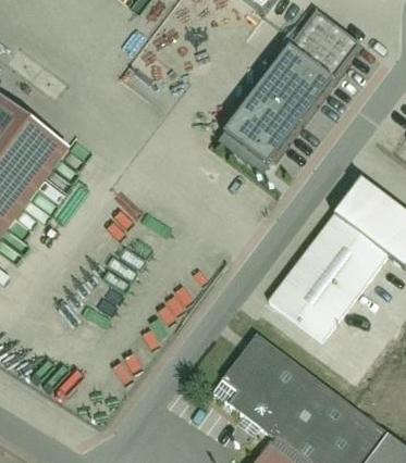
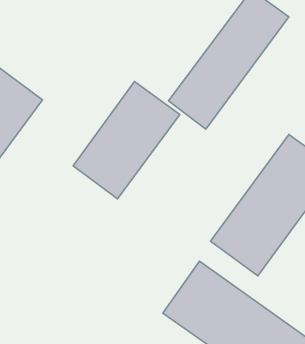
building: none -> [73,82,180,199]

